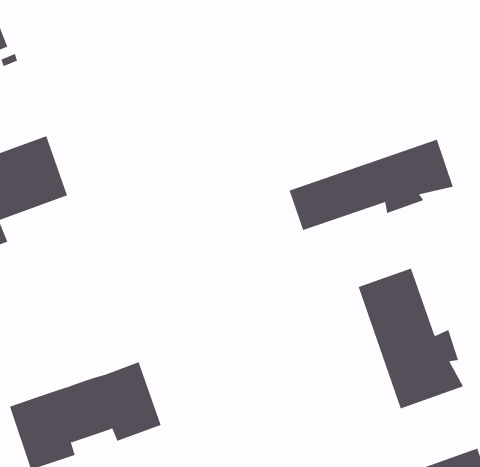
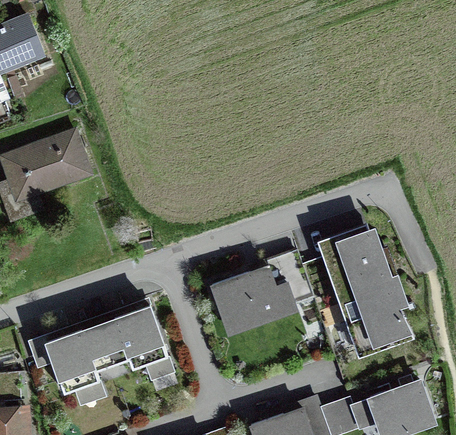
building: [289,139,453,231] -> none
building: none -> [209,264,298,334]

